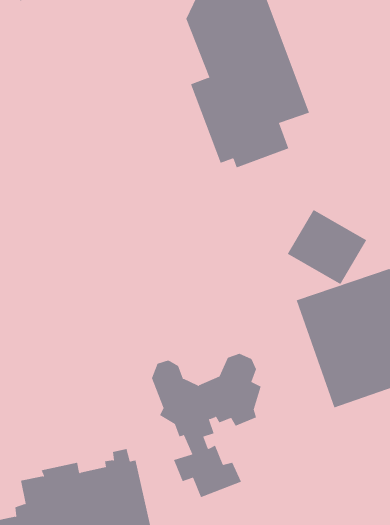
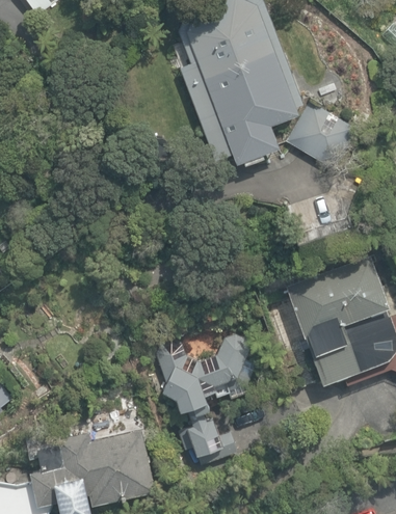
building: [287,209,367,285] -> [286,101,359,169]

